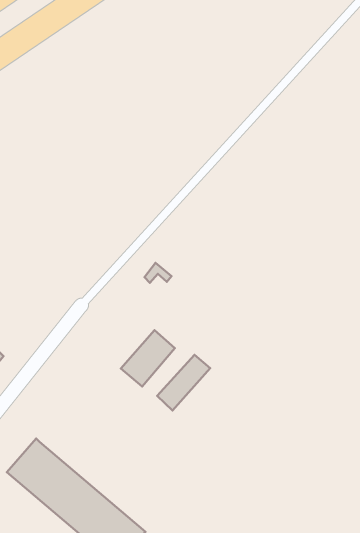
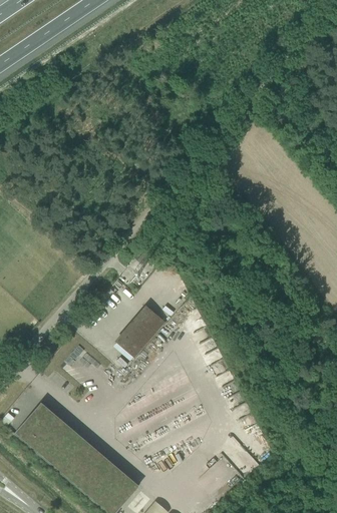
building: [157,355,210,411] -> none

